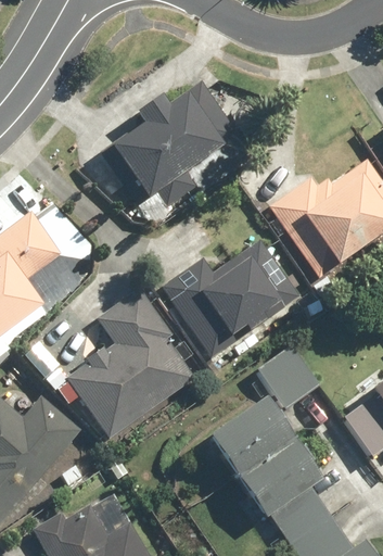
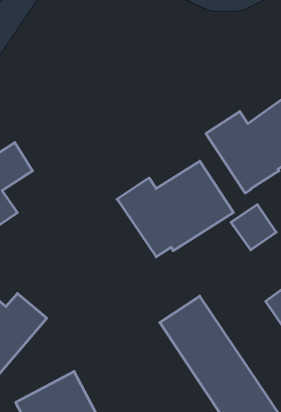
building: [104,84,235,199] -> none
building: [71,287,194,435] -> none
building: [261,348,317,403] -> [231,205,276,250]

